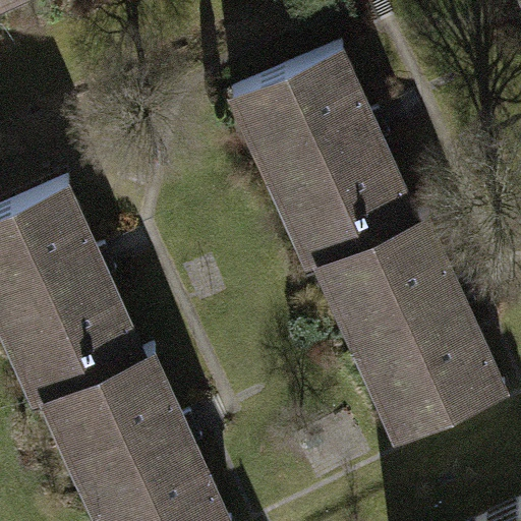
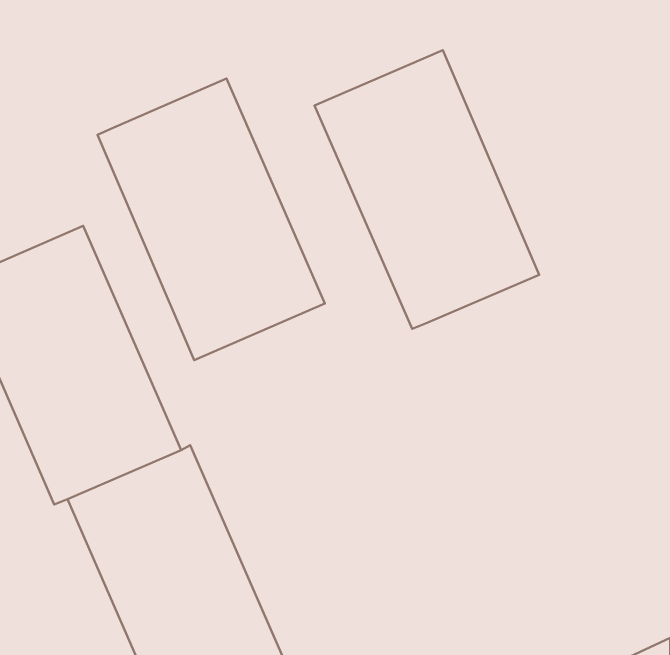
building: none -> [98,78,325,360]
building: [328,224,499,439] -> none

